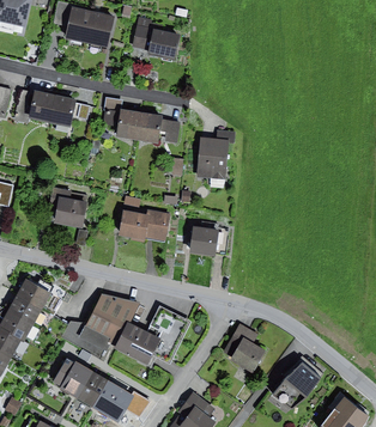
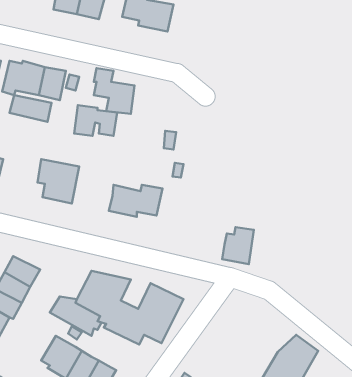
building: [139,114,181,144] -> [74,105,117,136]
building: none -> [10,95,51,122]
building: [196,130,235,181] -> none
building: [188,221,219,257] -> [222,227,254,264]
building: [223,323,266,374] -> none

